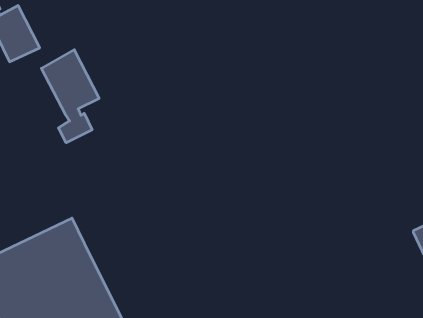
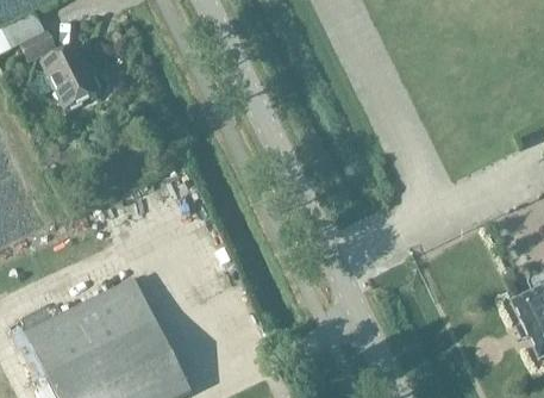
building: [41,50,99,143] -> none

